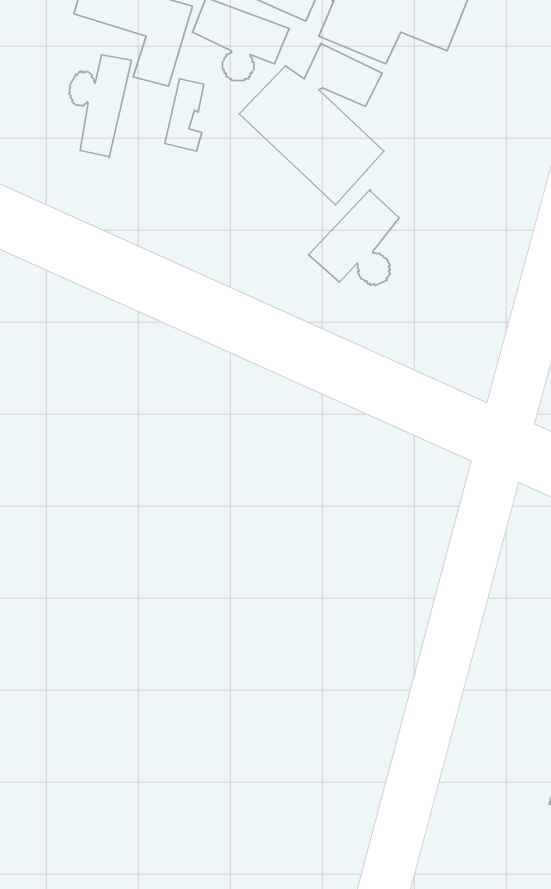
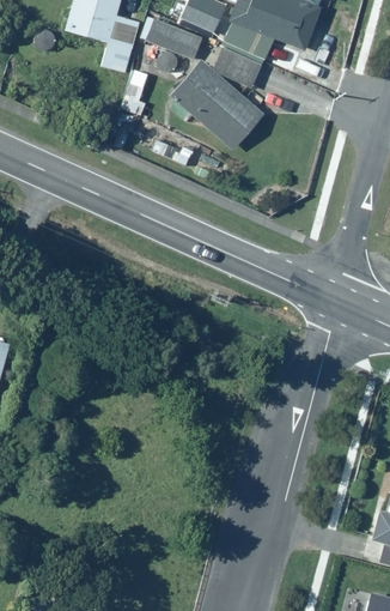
building: [69,55,132,157] -> none
building: [309,190,399,286] -> none

